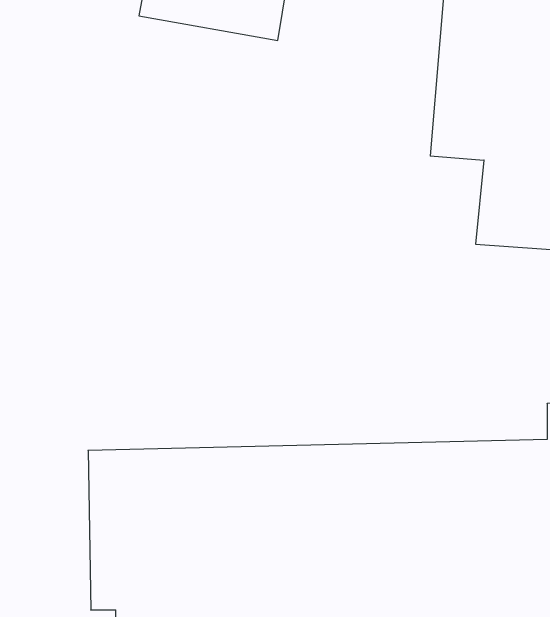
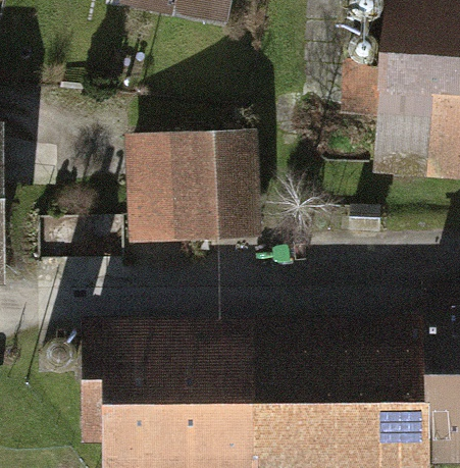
building: none -> [125,139,264,252]

